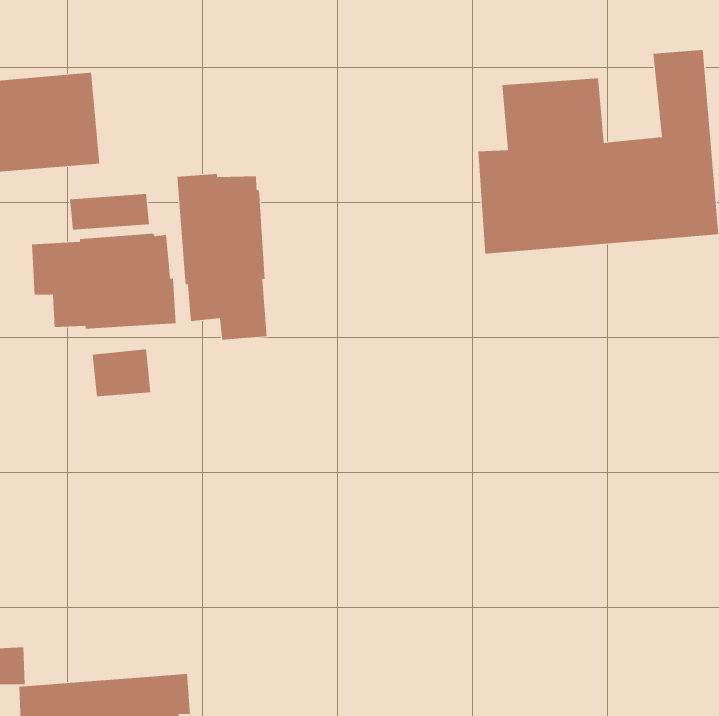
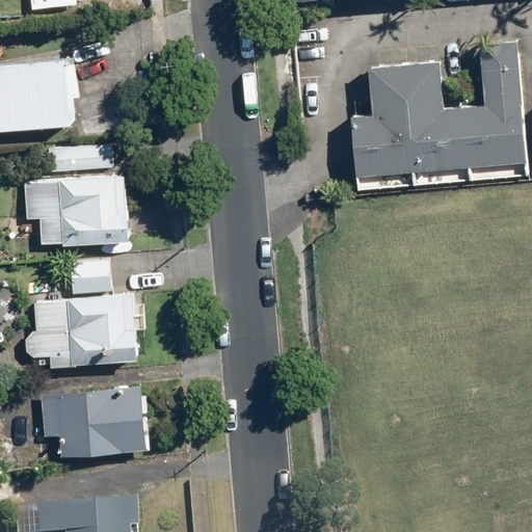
building: [177,173,267,341] -> none
building: none -> [24,294,137,368]
building: none -> [37,385,149,456]

